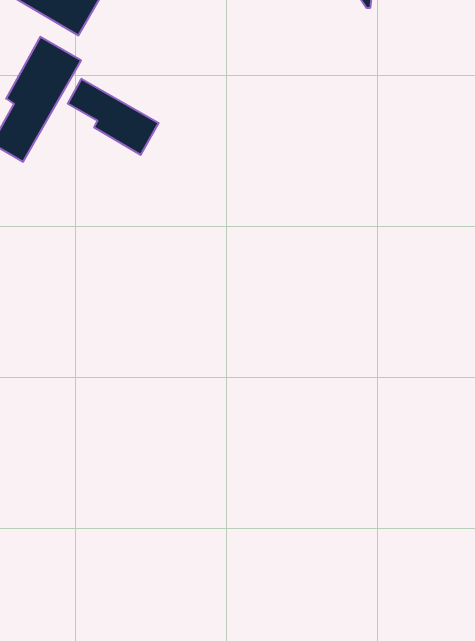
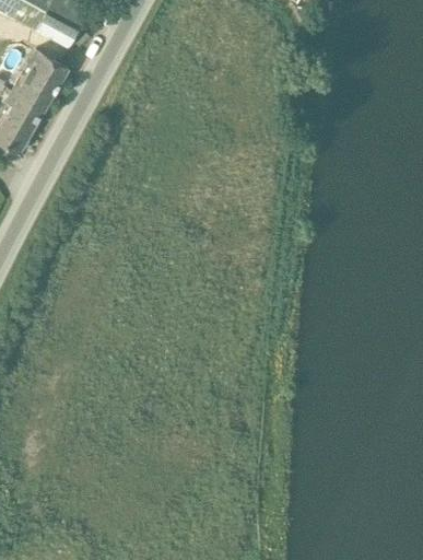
building: [68,79,159,155] -> none

